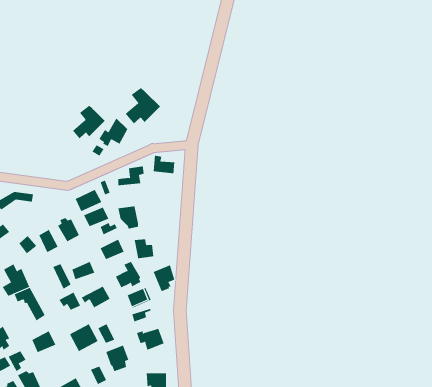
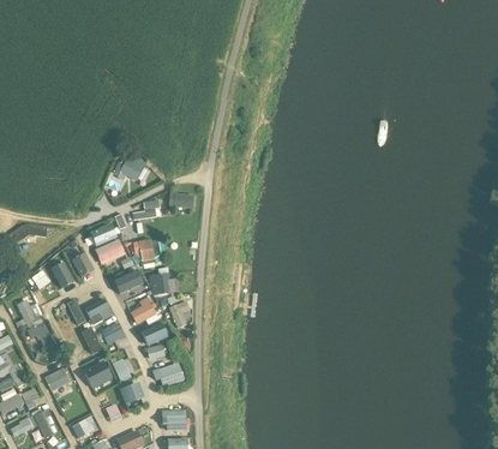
building: [125,87,161,124] -> none
building: [72,105,105,139] -> none

